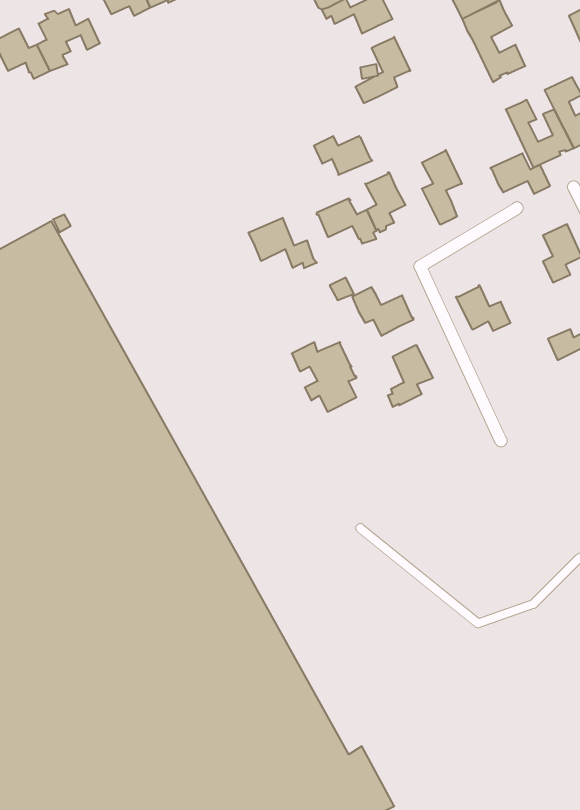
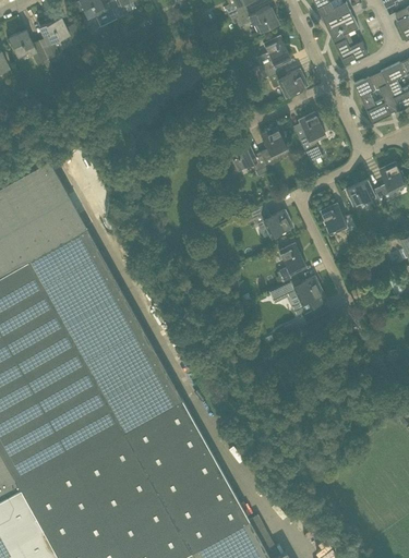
building: [314,136,372,175] -> [267,69,306,95]
building: [490,153,550,194] -> [345,179,385,206]
building: [249,218,317,268] -> none
building: [292,342,356,412] -> [281,276,325,323]

